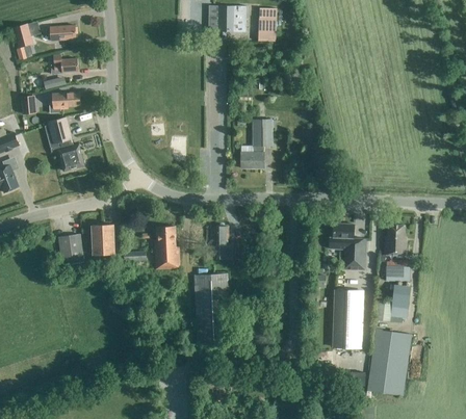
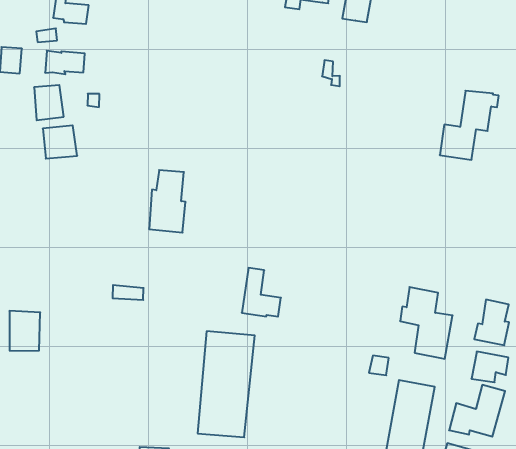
building: [241,119,277,167] -> [440,91,499,160]
building: [92,224,114,254] -> none
building: [154,226,180,269] -> [149,170,186,233]
building: [58,234,83,264] -> [9,311,40,351]

